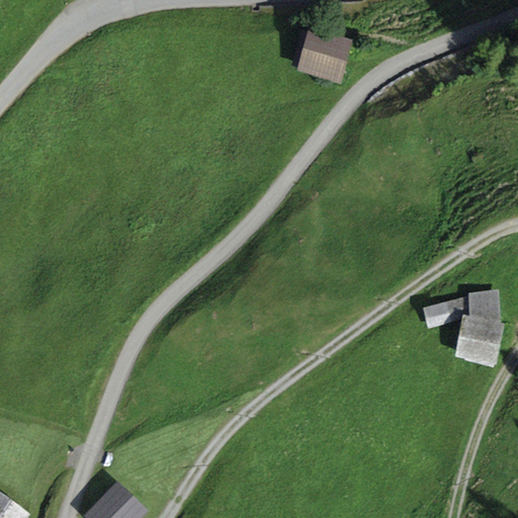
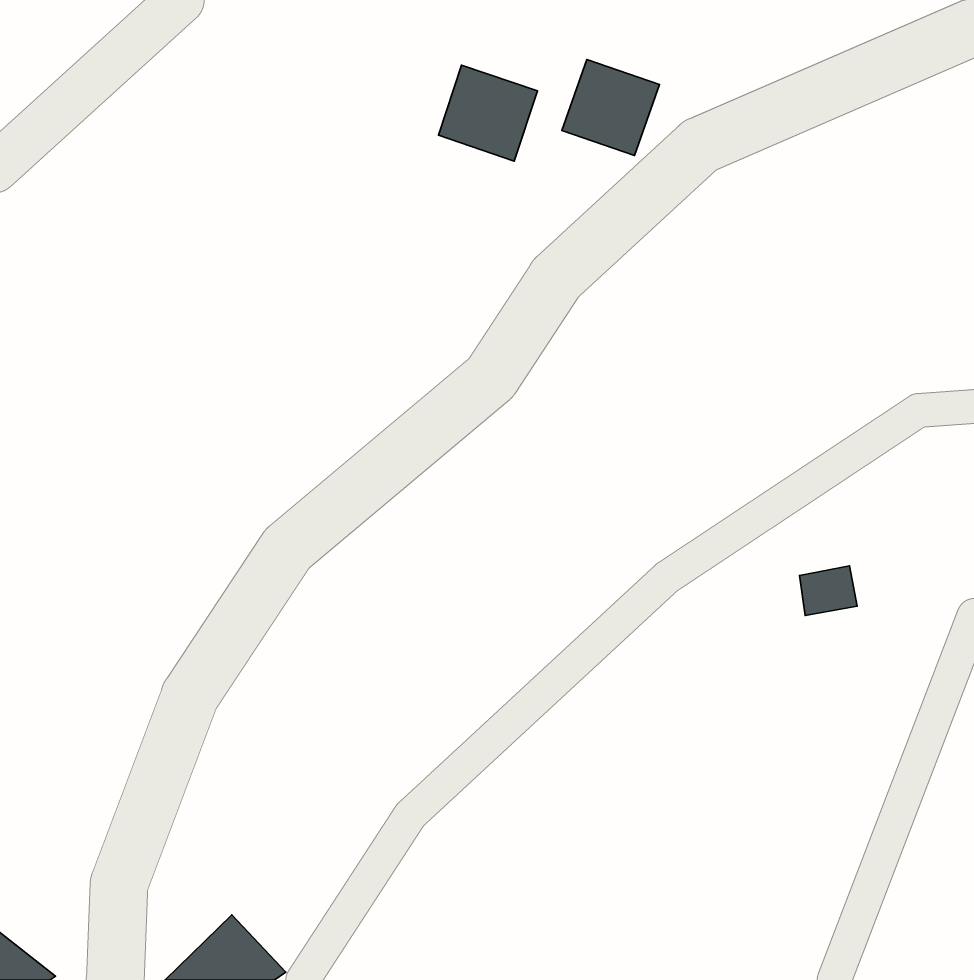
building: none -> [438,65,537,161]
building: [463,296,493,356] -> none

